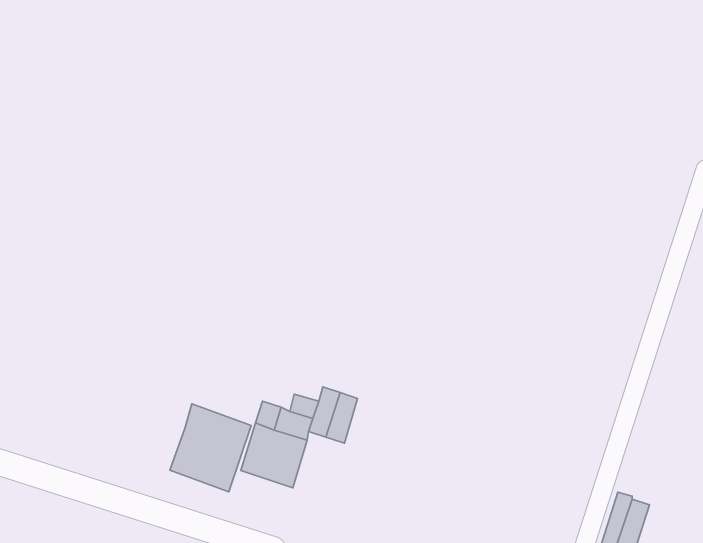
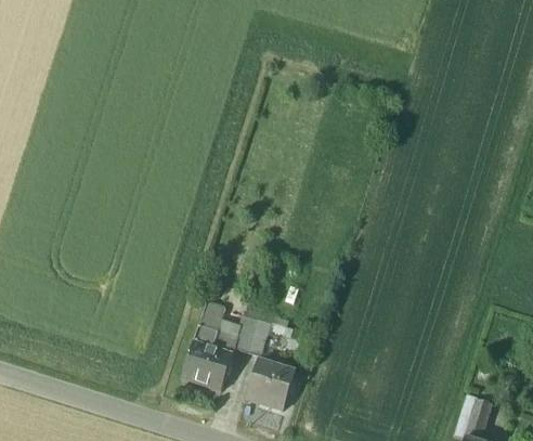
building: [170,404,251,492] -> none
building: none -> [245,360,295,408]

